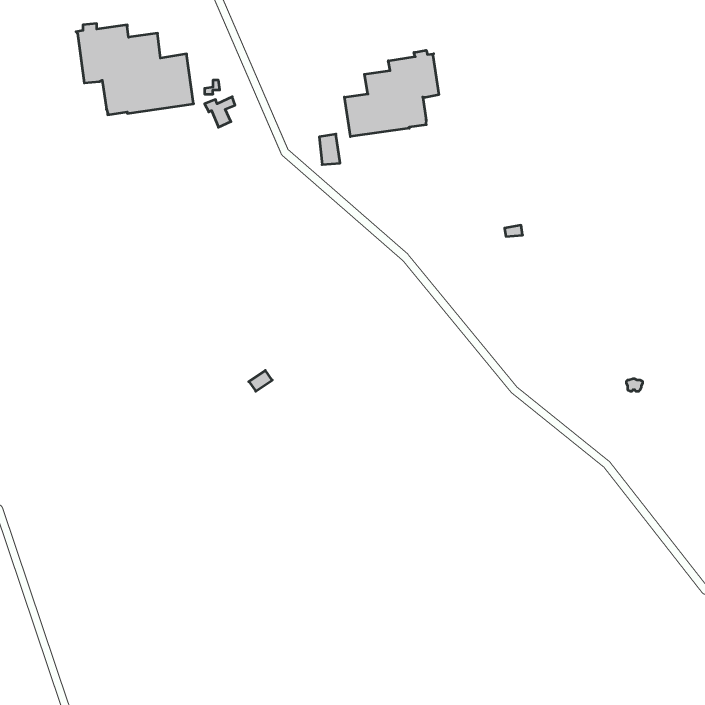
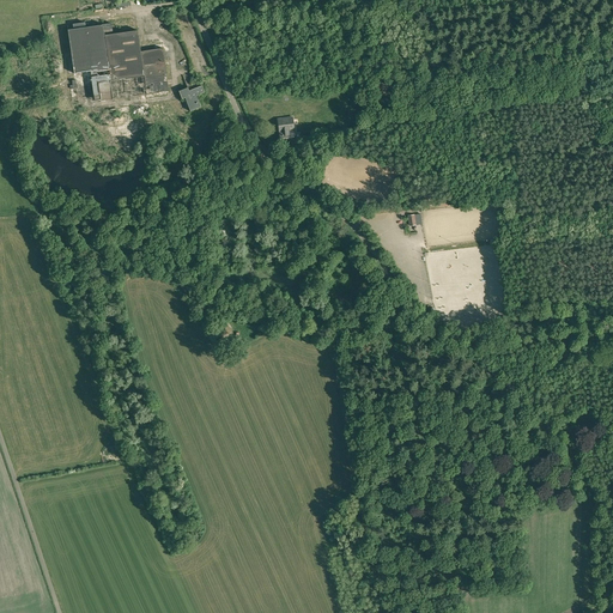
building: [344,50,439,137] -> none

